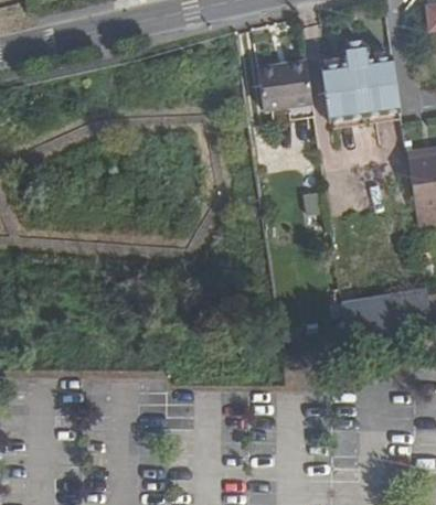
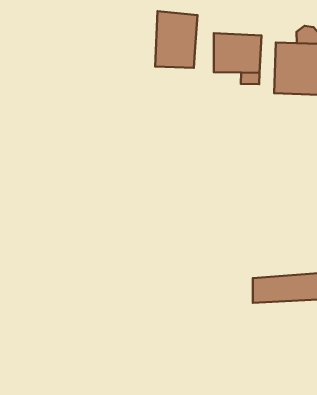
building: none -> [155,11,197,68]

